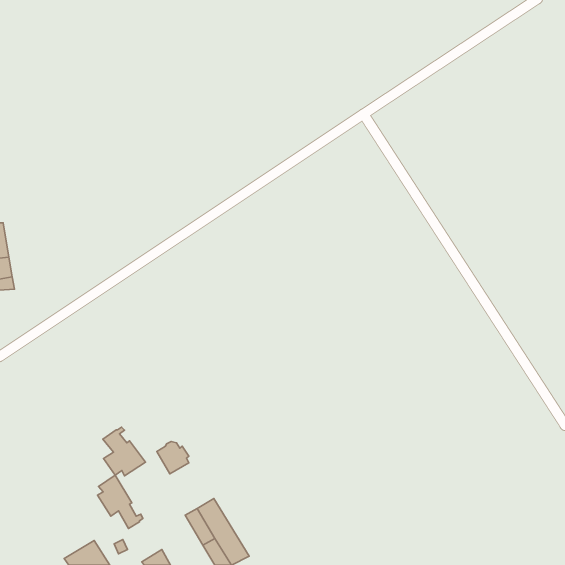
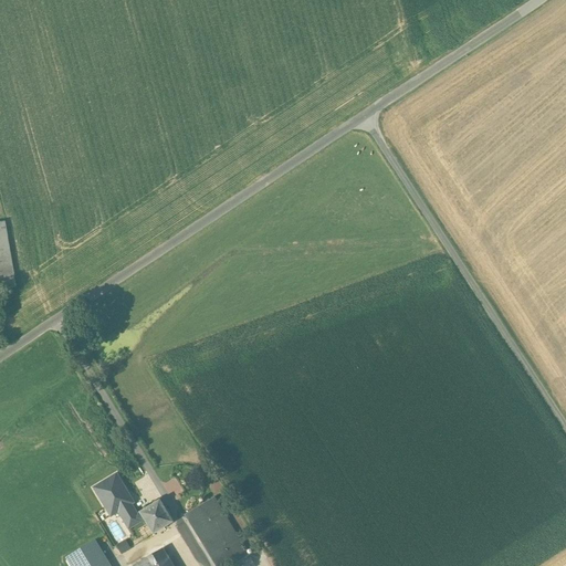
building: [103,427,145,476] -> none
building: [157,442,189,474] -> [140,502,172,534]

